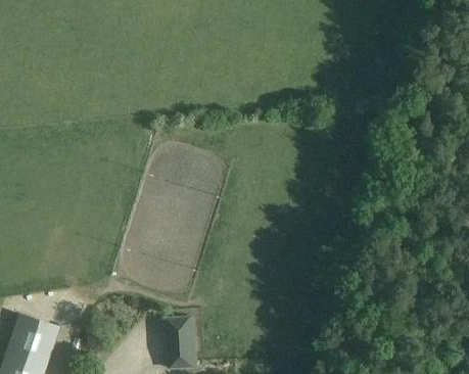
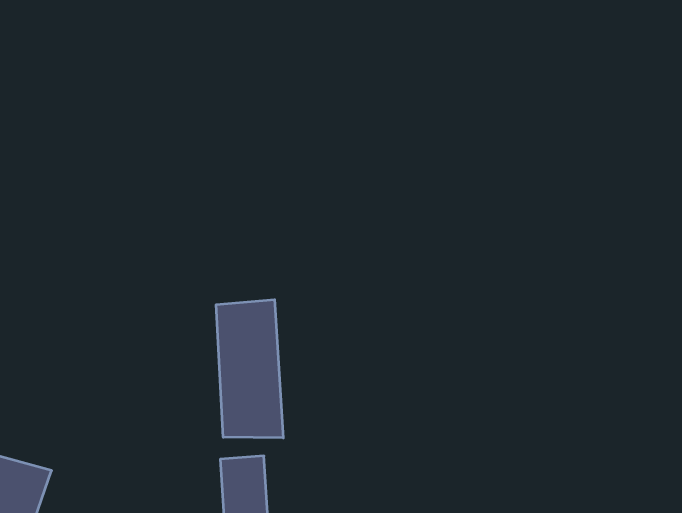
building: none -> [216,300,283,438]

